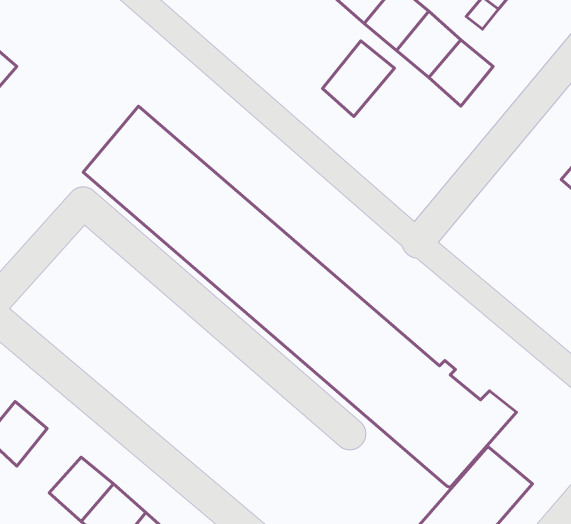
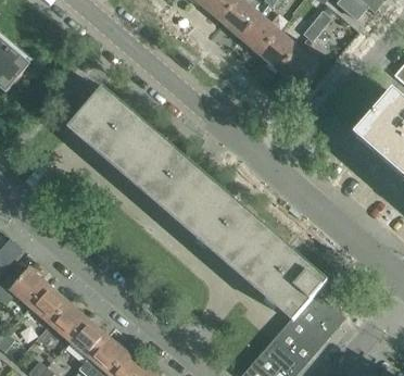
building: [322,41,394,116] -> none
building: none -> [30,285,70,324]

